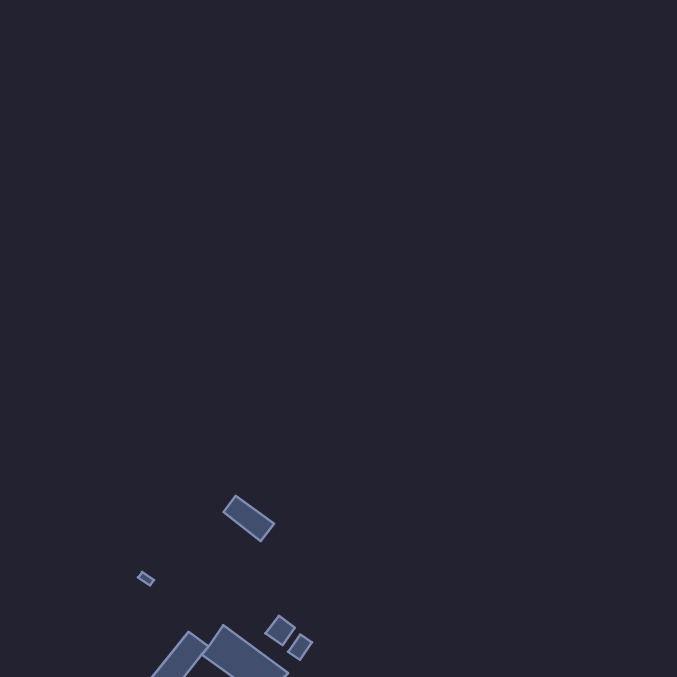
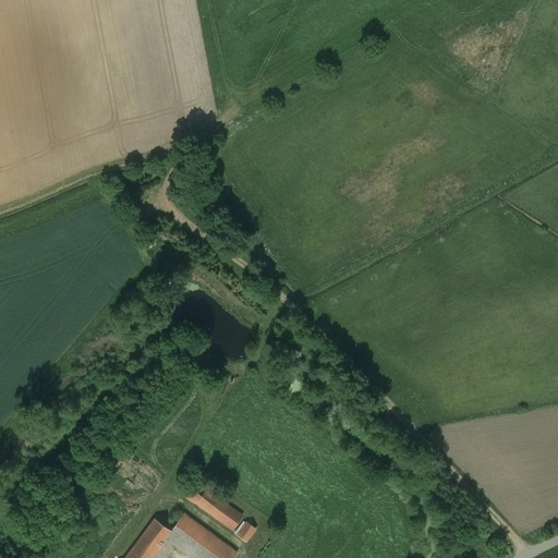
building: [224,496,274,541] -> [189,484,230,521]

